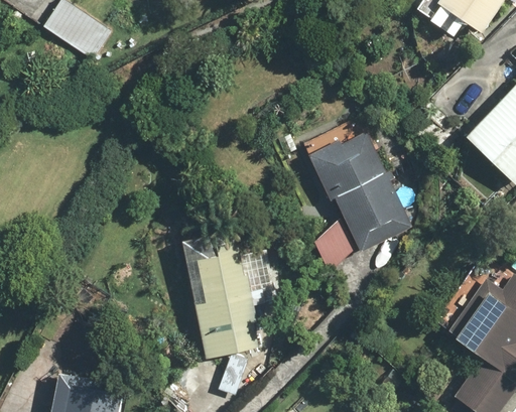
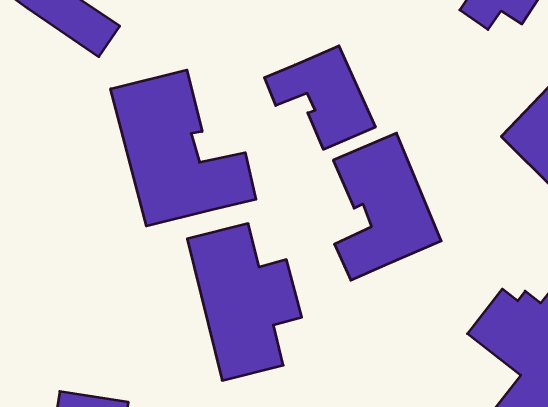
building: none -> [264,46,375,149]
building: none -> [111,70,256,226]

